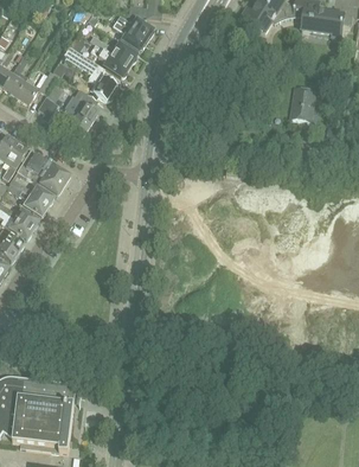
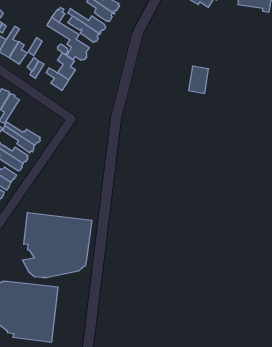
building: [289,84,314,119] -> [189,66,209,93]
building: [17,147,70,191] -> none
building: none -> [22,212,92,278]

